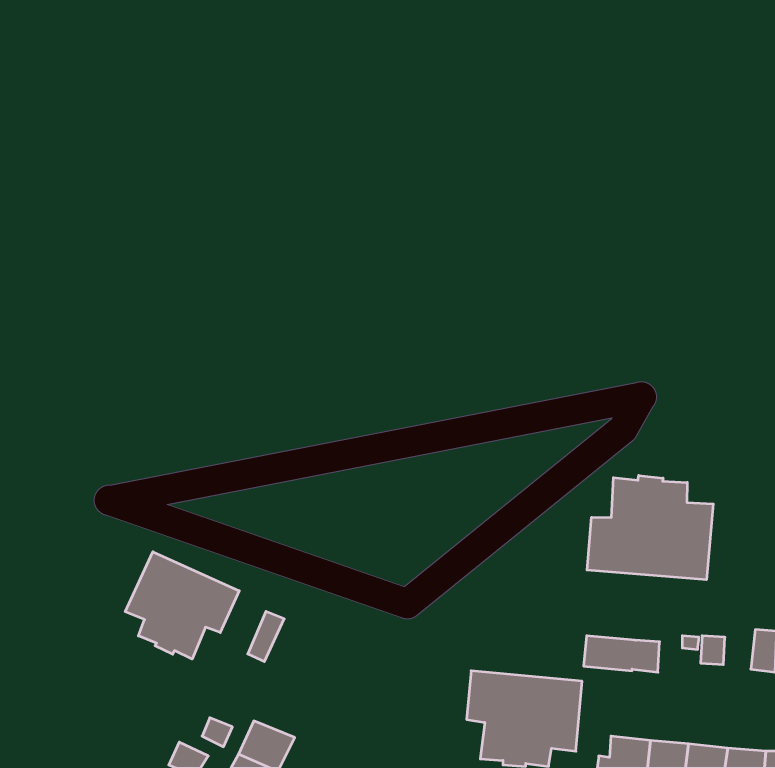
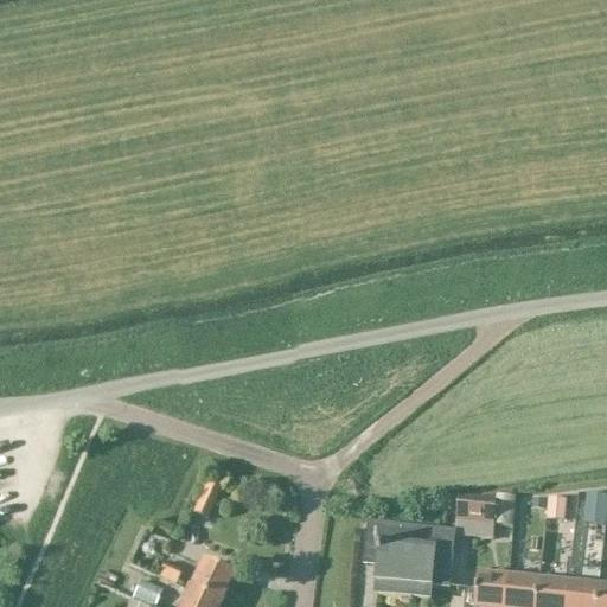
building: [587,475,713,580] -> none
building: [125,552,239,659] -> none

